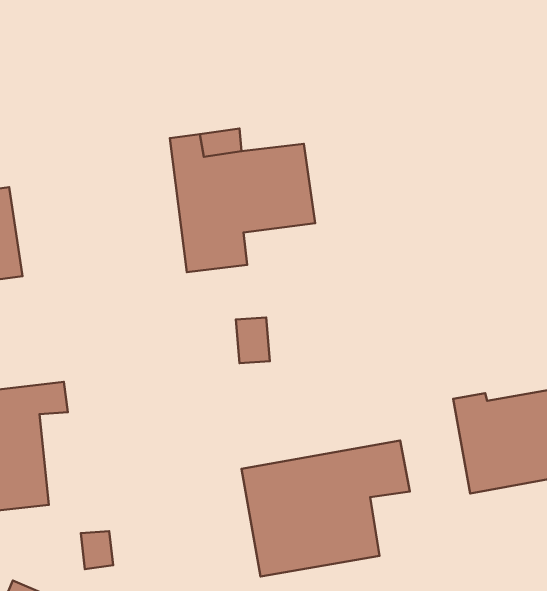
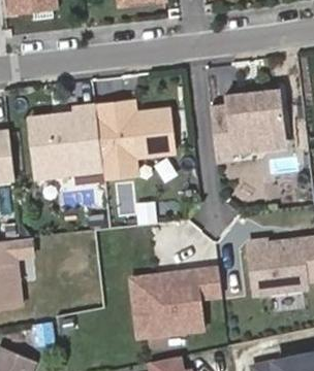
building: none -> [207,87,282,160]
building: none -> [19,104,92,177]

